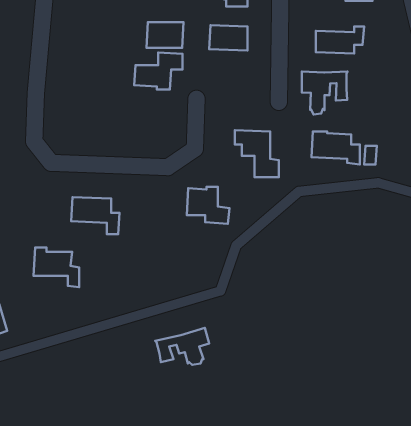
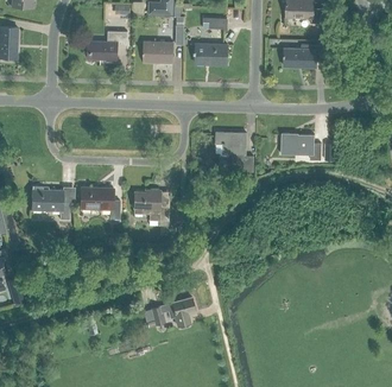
building: [134,52,182,89] -> [87,31,127,62]
building: [302,72,347,114] -> none
building: [187,187,229,224] -> [133,190,169,221]
building: [34,247,79,287] -> [31,186,69,220]

